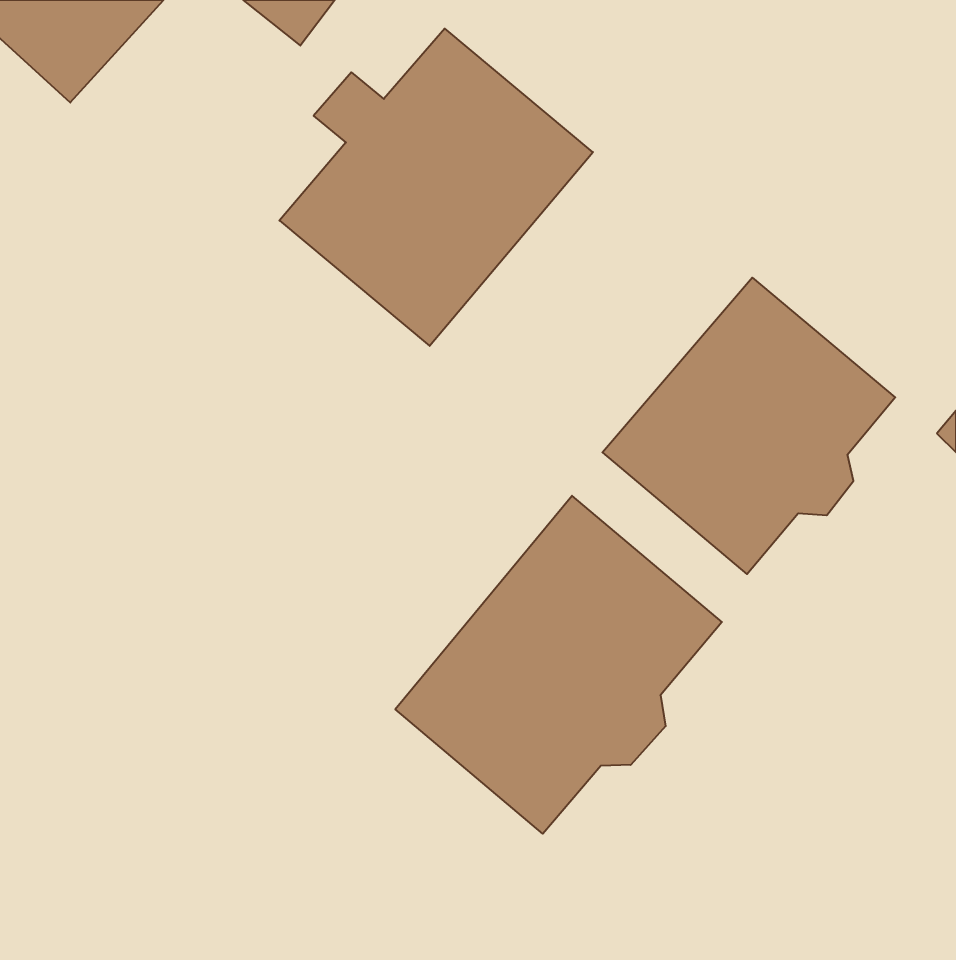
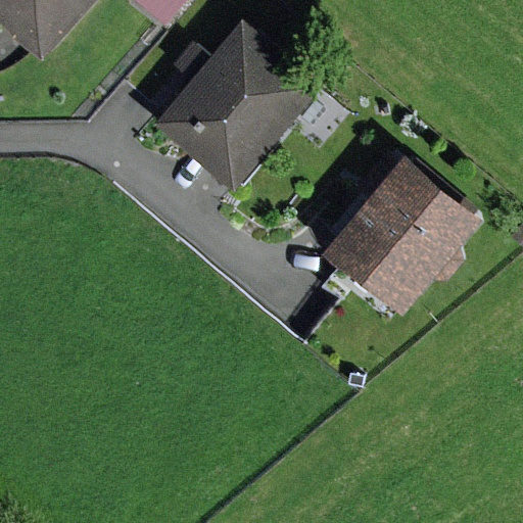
building: [395,496,722,834] -> none

